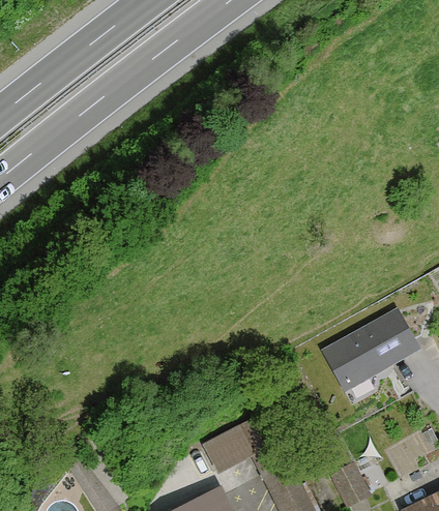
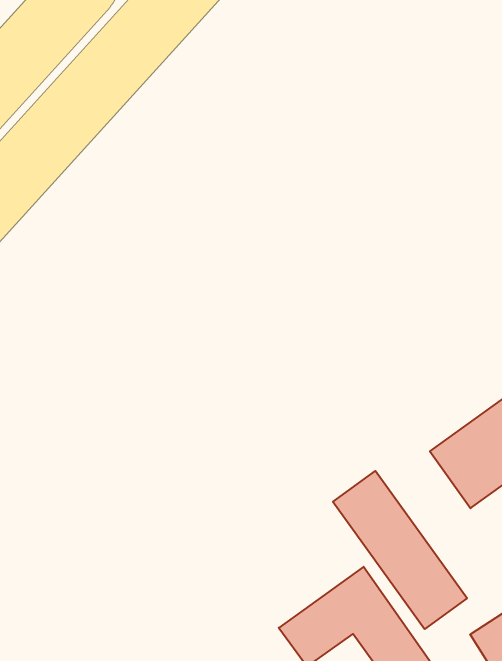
building: none -> [333,471,467,629]

